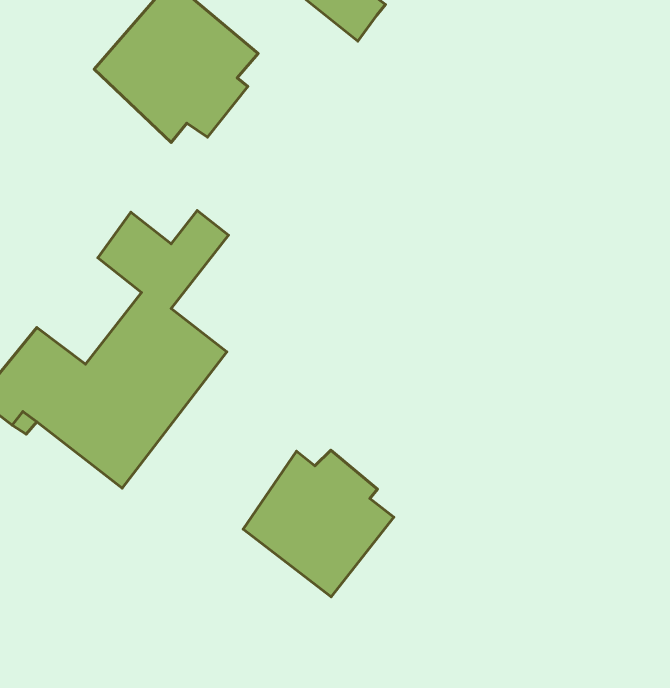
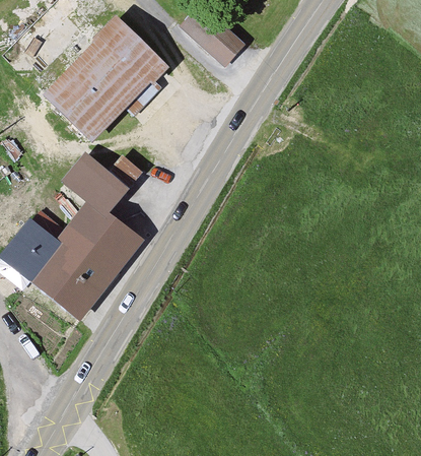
building: none -> [44,73,110,138]
building: [243,450,394,597] -> none

